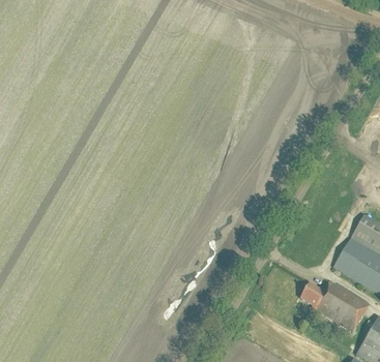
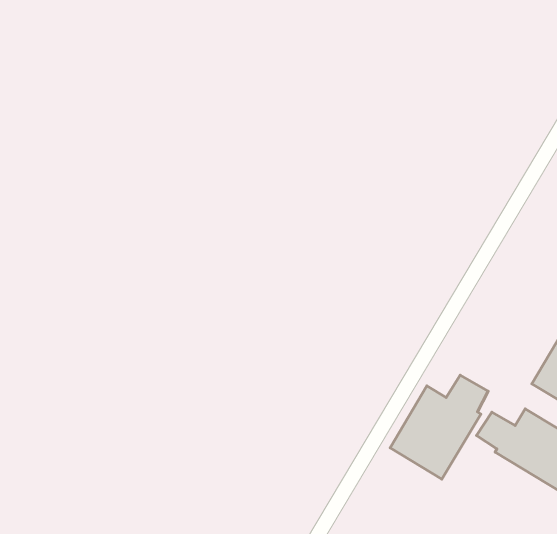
building: none -> [390,375,488,479]

